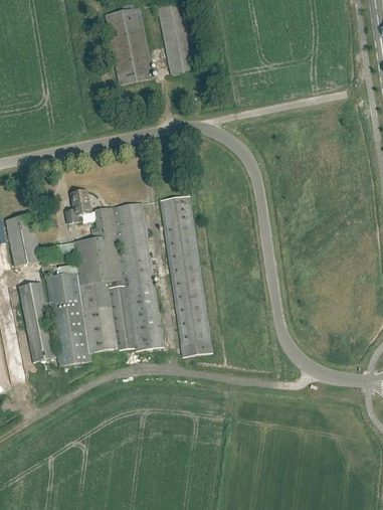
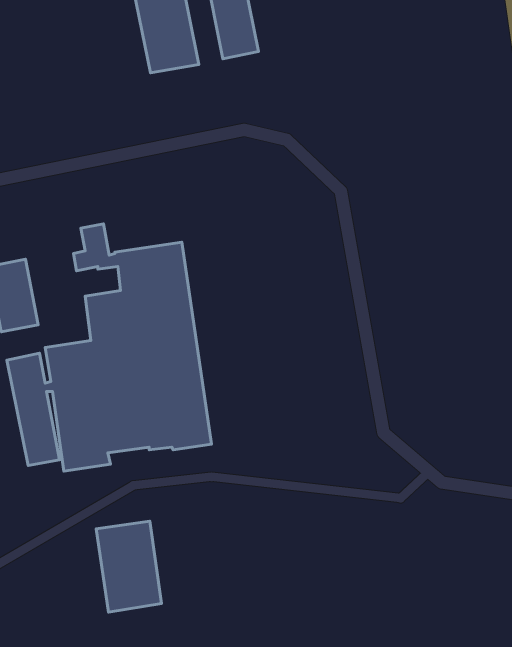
building: [160,195,212,356] -> none
building: none -> [96,521,162,612]

